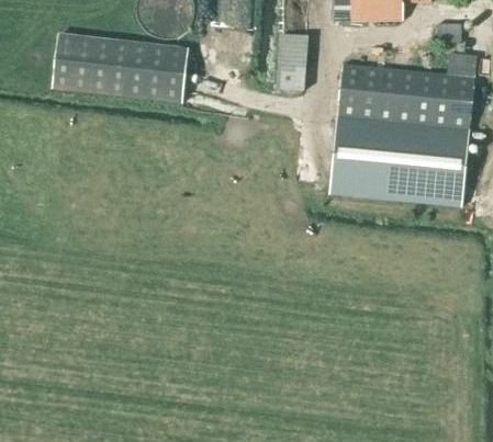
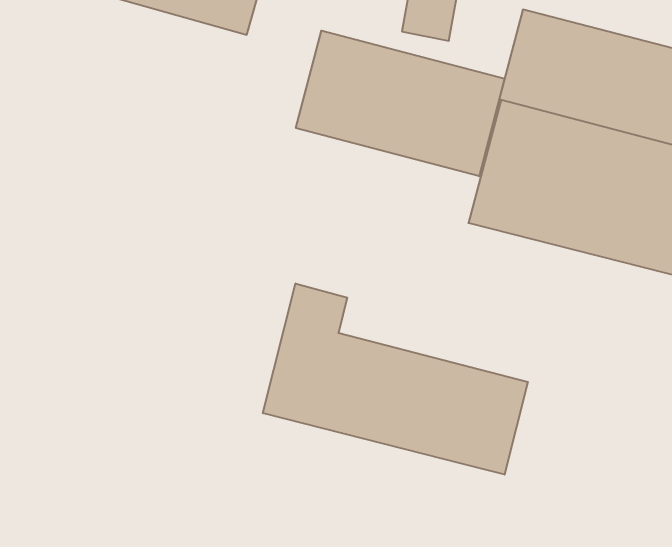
building: none -> [296,31,505,176]
building: none -> [263,283,528,475]

